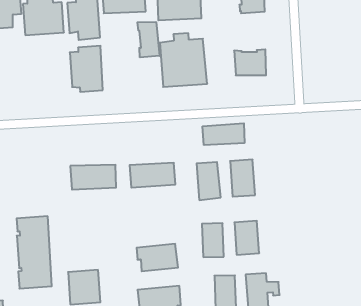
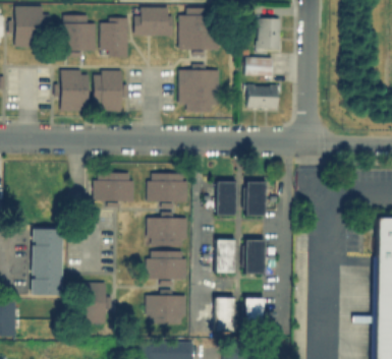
building: none -> [247,55,275,74]
building: [137,22,159,57] -> none
building: none -> [56,68,92,110]
building: [203,123,244,145] -> none
building: none -> [144,220,183,243]

